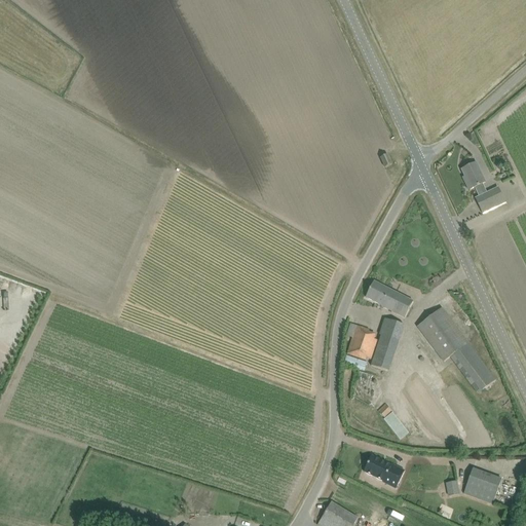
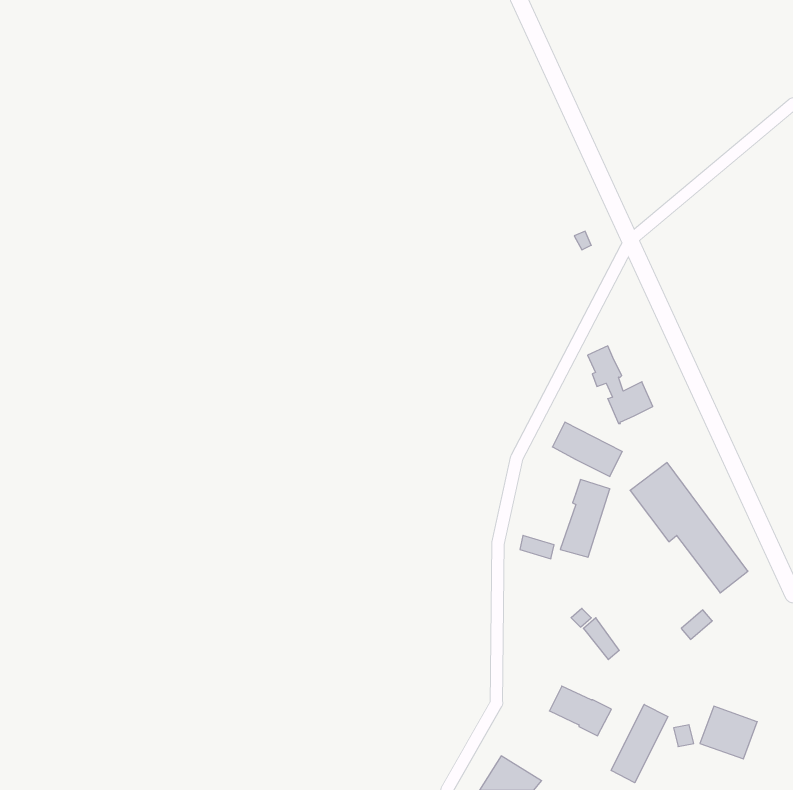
building: [462,161,505,213] -> [588,346,653,424]
building: [346,323,378,359] -> none
building: none -> [611,704,668,783]

